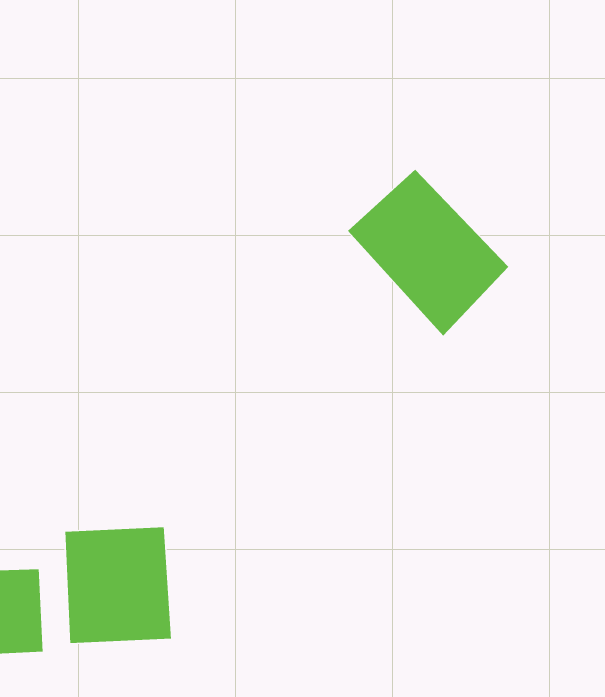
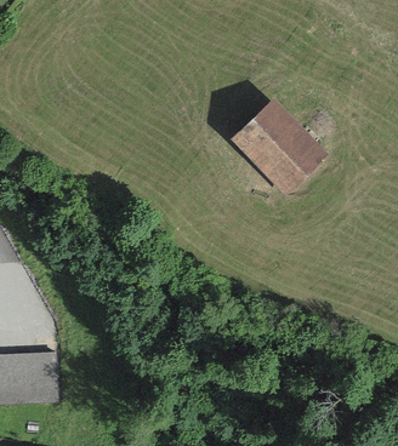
building: [65,527,172,644] -> none

